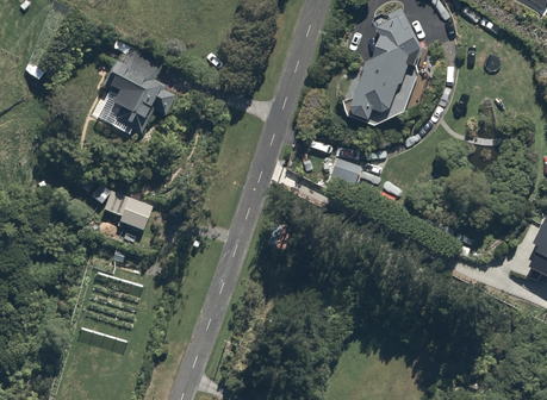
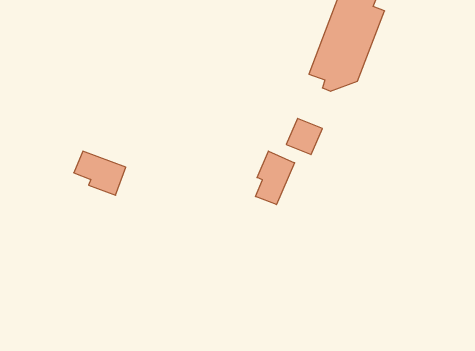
building: [97,52,176,138] -> none
building: none -> [256,151,295,205]

